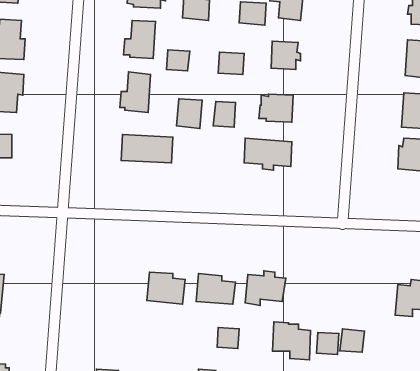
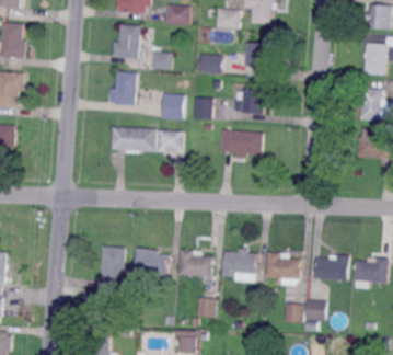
building: none -> [158,130,183,151]
building: none -> [100,245,126,290]
building: none -> [315,253,350,280]
building: [273,322,311,360] -> [267,251,301,285]

